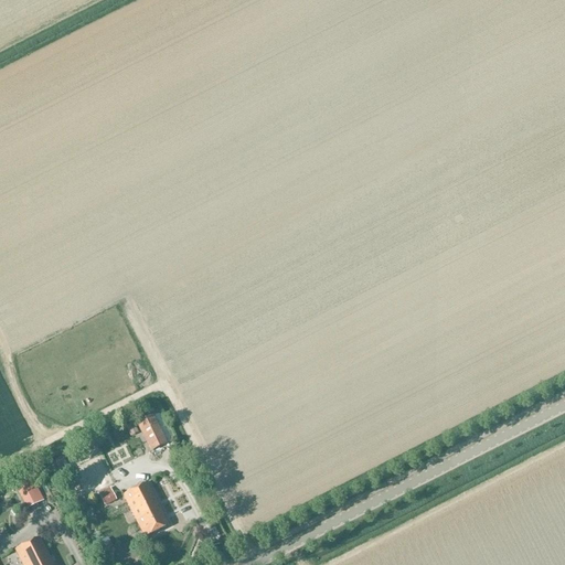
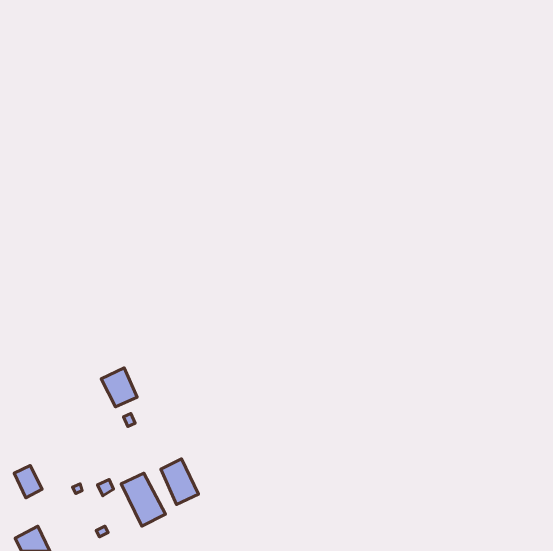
building: [136,411,172,450] -> [101,368,137,407]
building: none -> [161,459,199,505]

